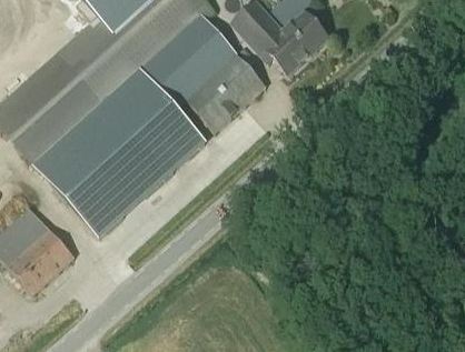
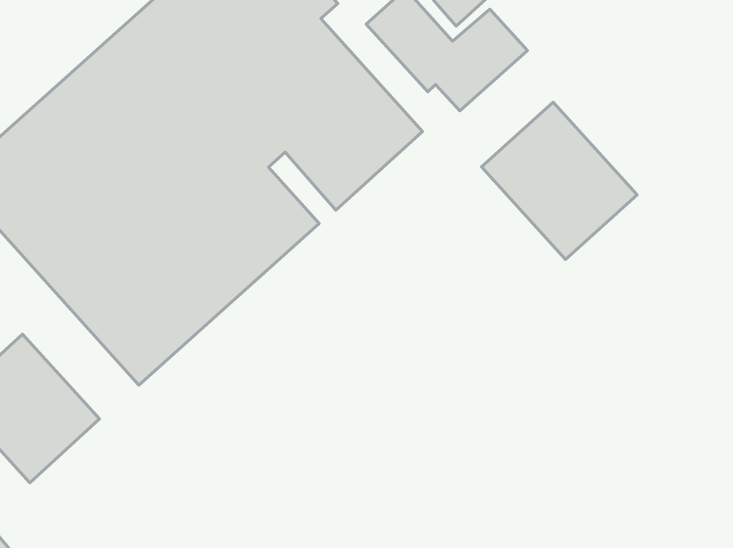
building: none -> [481,102,637,259]

